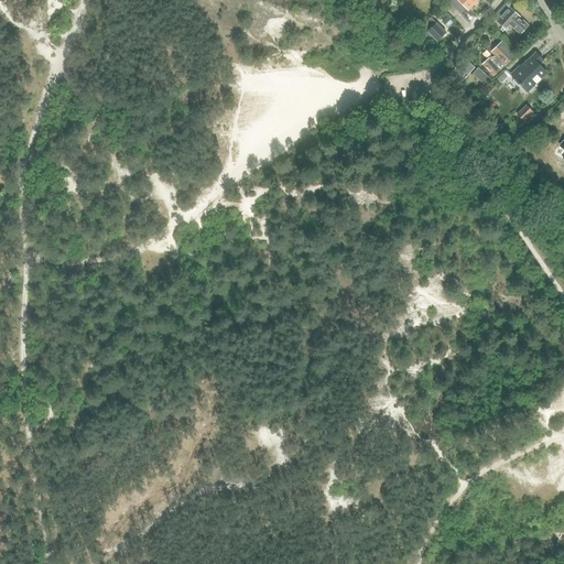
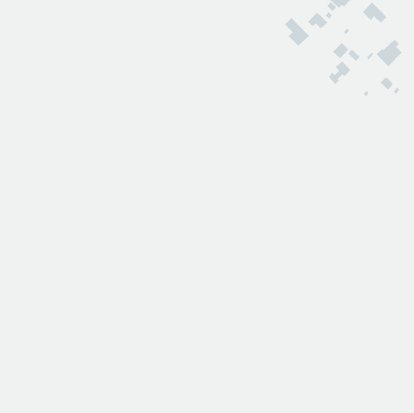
building: none -> [284,17,310,46]
building: [482,42,514,75] -> [328,61,351,85]

